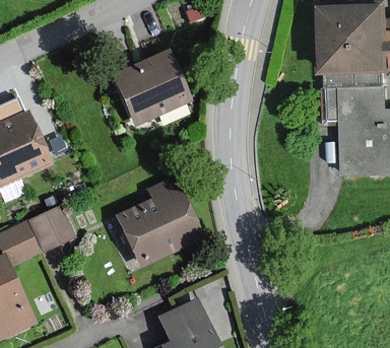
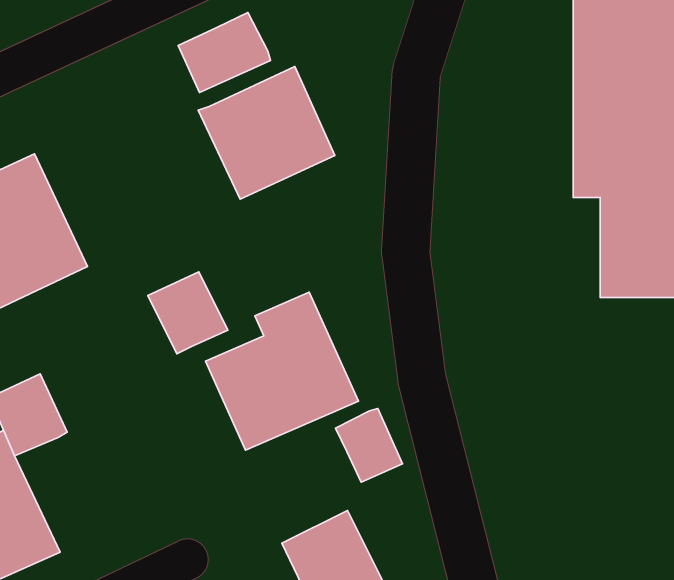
building: none -> [178,13,271,93]
building: [27,206,72,252] -> [148,272,228,354]
building: none -> [336,408,402,482]

